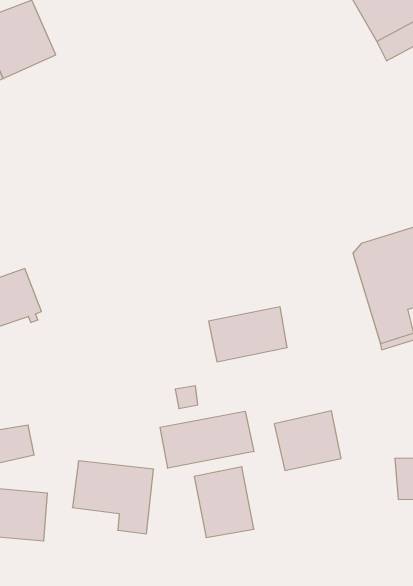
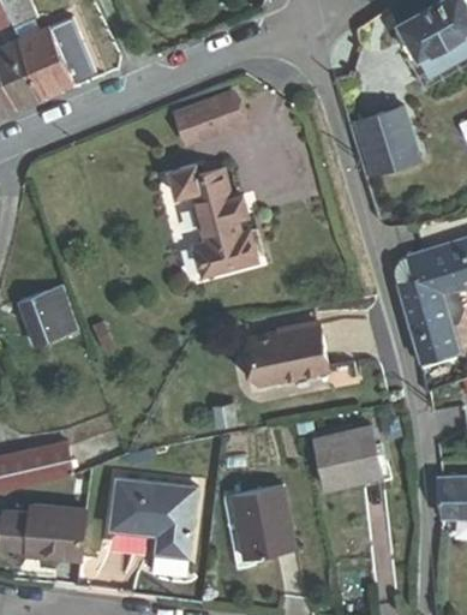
building: none -> [175,94,241,142]
building: none -> [347,105,418,174]
building: none -> [168,161,257,275]
building: [160,411,254,468] -> none

